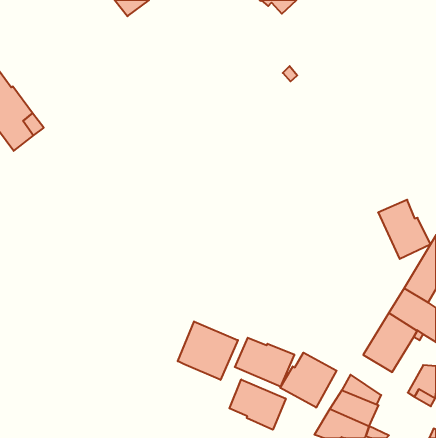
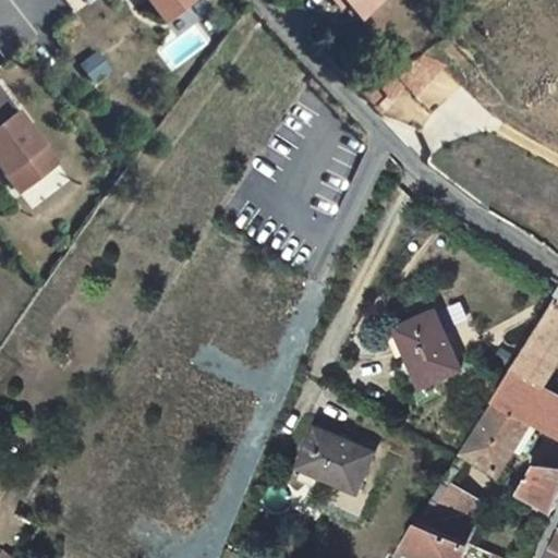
building: [378,200,430,259] -> [395,312,461,387]
building: [178,321,238,380] -> none
building: [280,353,337,408] -> none
building: [229,379,286,430] -> none

